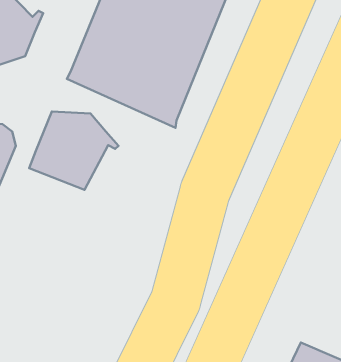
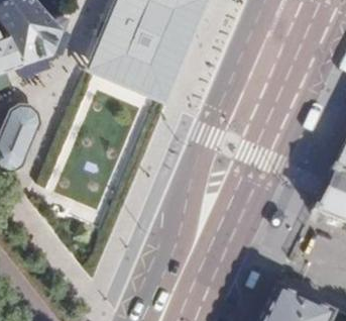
building: [29,111,119,190] -> none

